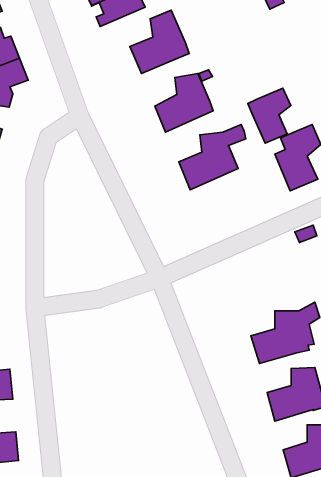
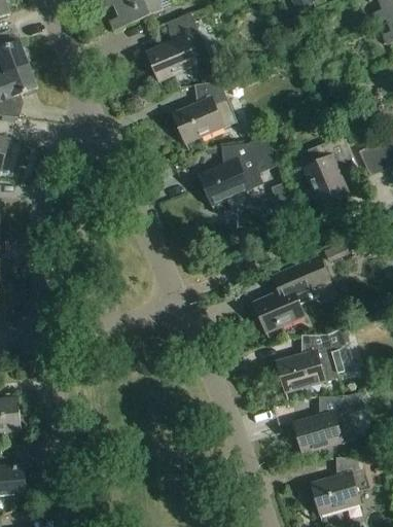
building: [248,88,291,143] -> none
building: none -> [254,255,332,331]

